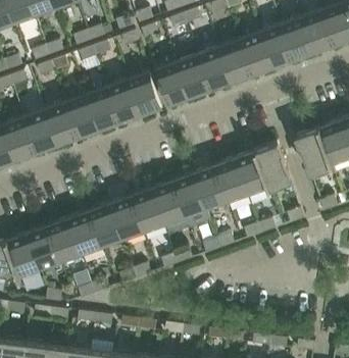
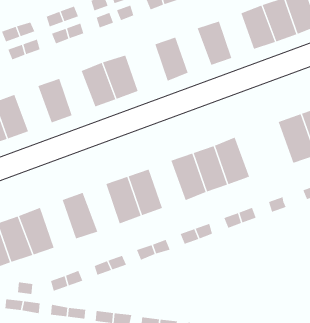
building: [241,32,273,74] -> none
building: [199,46,233,89] -> none
building: [157,61,191,104] -> none
building: [88,87,121,130] -> none
building: [45,101,80,145] -> none
building: [256,143,292,191] -> none
building: [173,172,208,218] -> none
building: [110,195,145,241] -> none
building: [69,210,103,256] -> none

